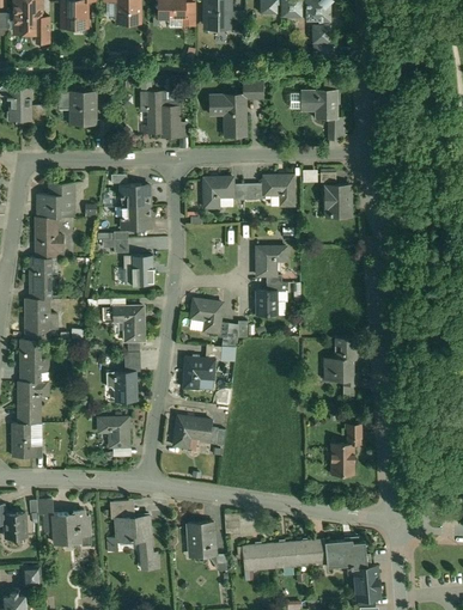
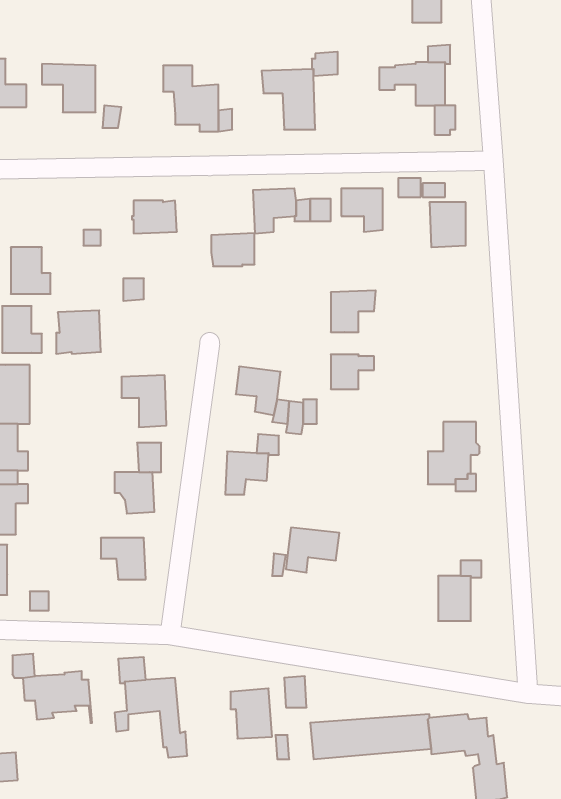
building: [37,182,74,209] -> none
building: [121,207,151,230] -> [211,233,255,266]
building: [122,256,153,286] -> [56,310,101,354]
building: [175,417,212,449] -> [286,528,339,573]

